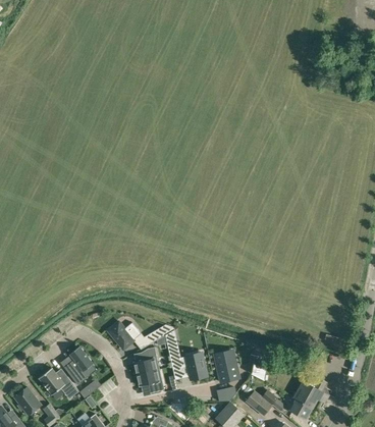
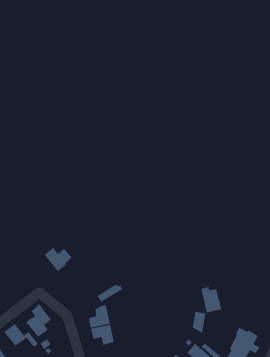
building: [107,321,140,350] -> [44,247,73,272]
building: [166,342,206,380] -> none
building: [214,352,238,382] -> [201,286,222,313]

